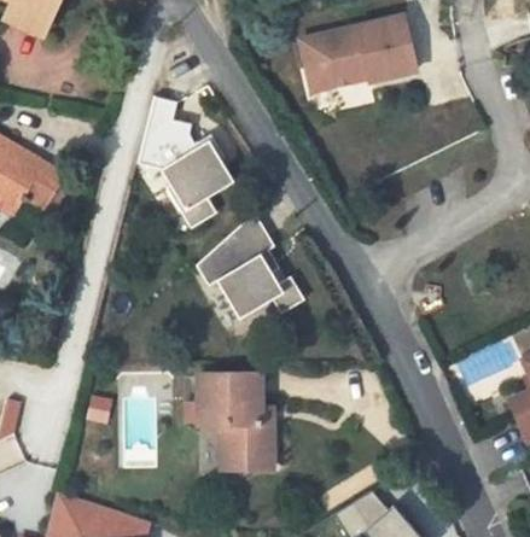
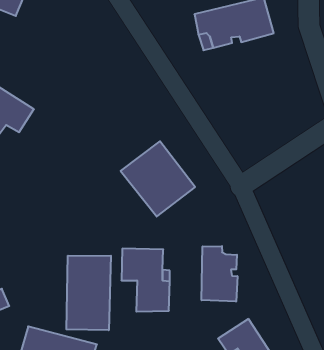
building: [138,97,228,226] -> none
building: none -> [202,246,237,302]
building: none -> [66,256,111,330]

